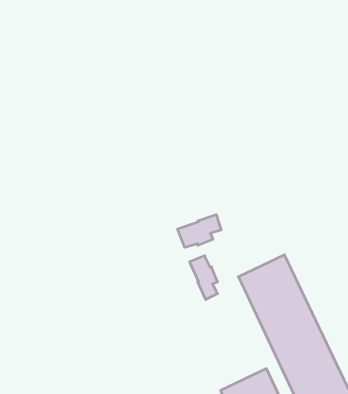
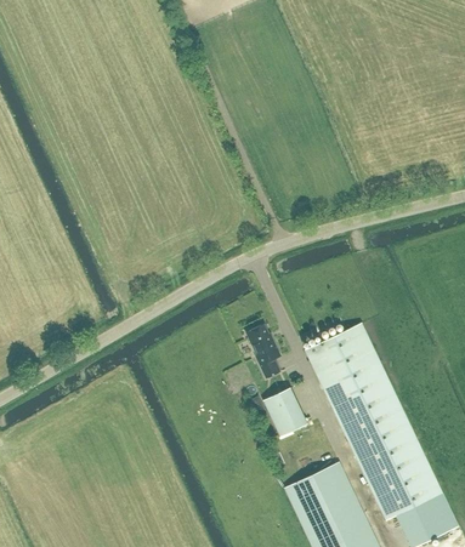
building: [178,215,221,247] -> none
building: none -> [263,387,307,435]

